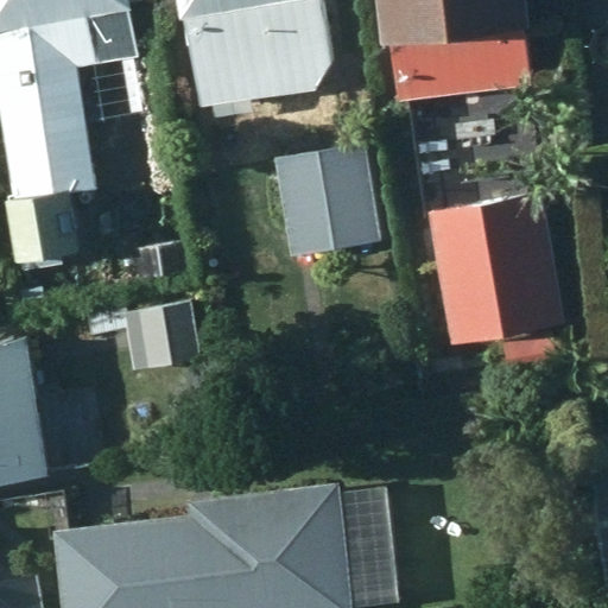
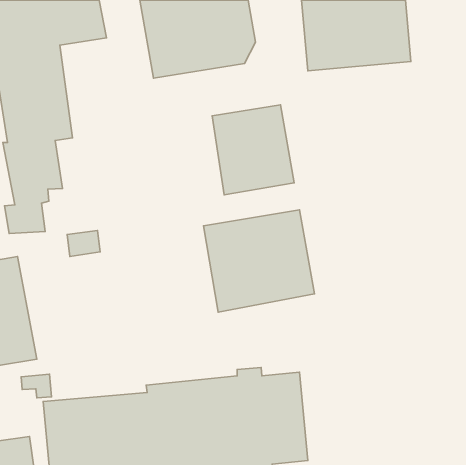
building: [431,188,566,337] -> none
building: none -> [203,210,315,312]

